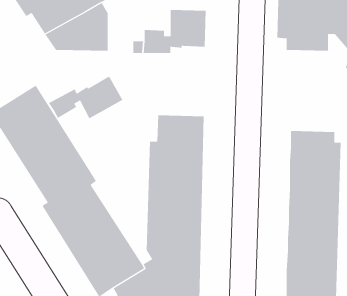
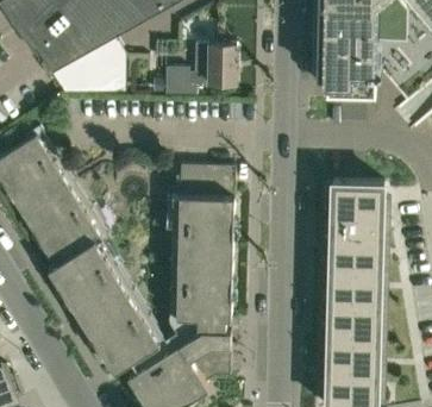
building: [48,75,123,119] -> none

